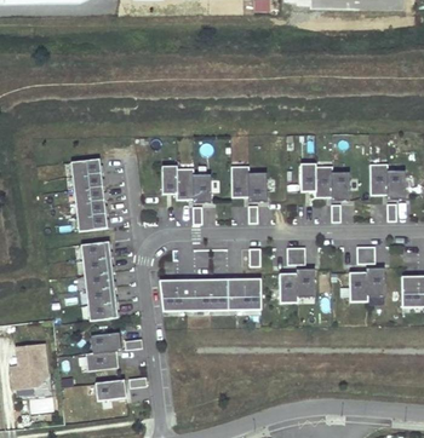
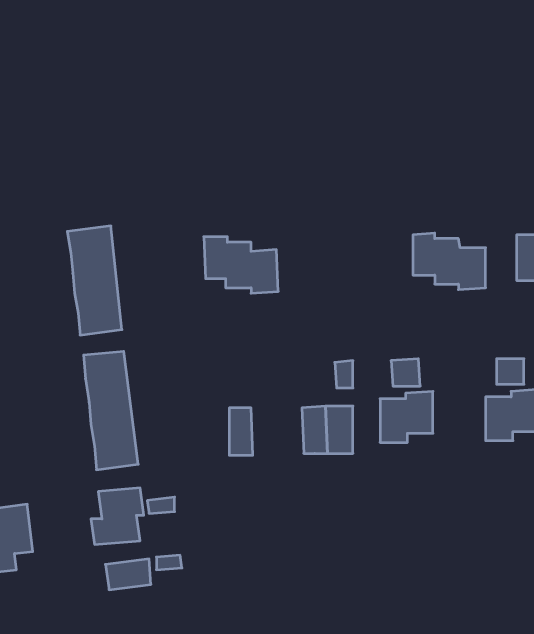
building: [231,166,267,202] -> none
building: [159,279,178,311] -> none
building: [193,279,228,311] -> none

